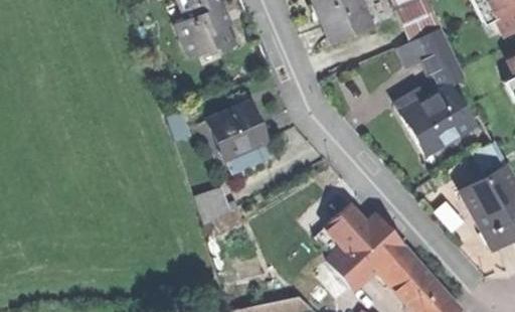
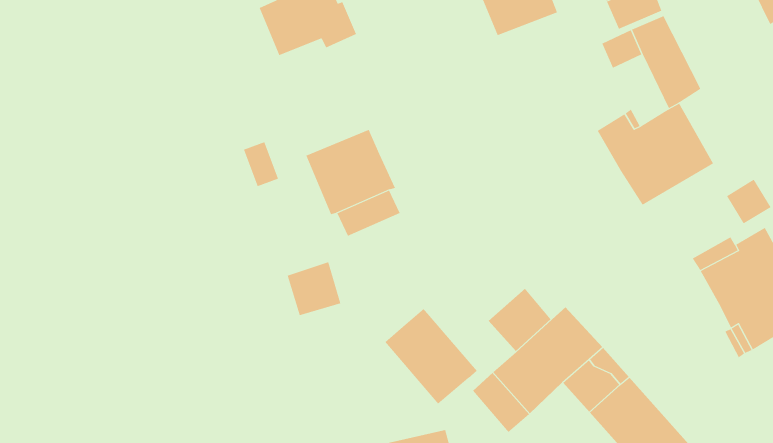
building: none -> [384,308,477,405]

